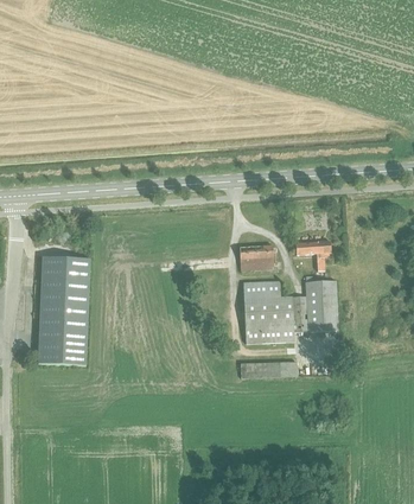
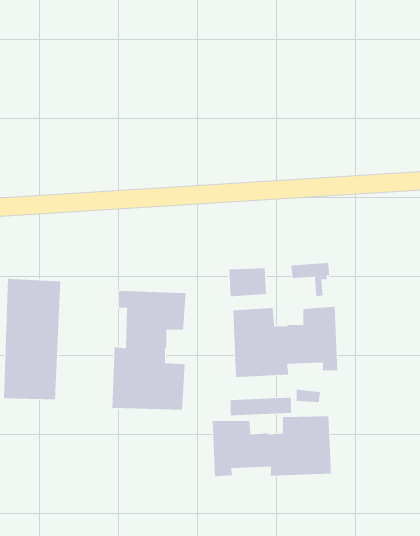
building: none -> [112,290,186,411]
building: none -> [212,416,331,477]

